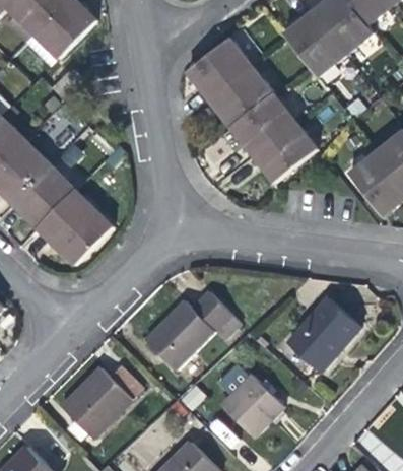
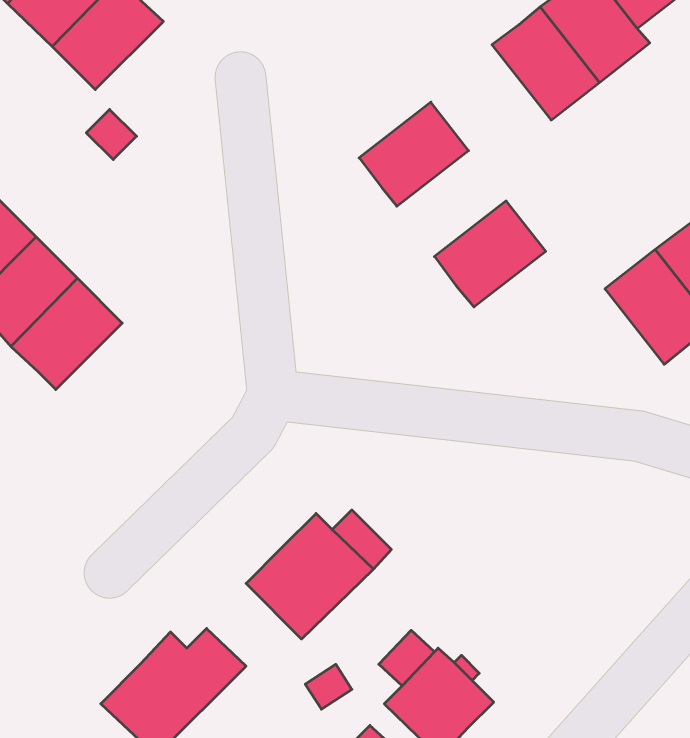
building: [188,38,250,97] -> none
building: [230,93,292,153] -> none
building: [38,191,112,265] -> none
building: [289,296,360,369] -> none

